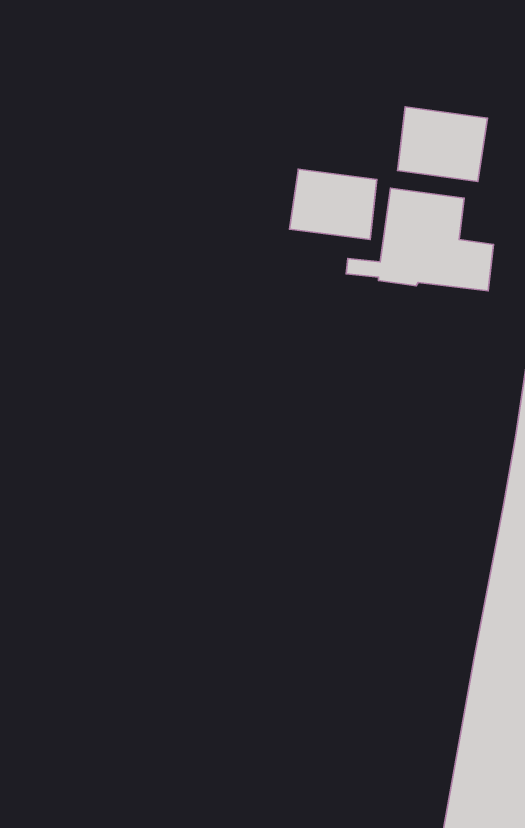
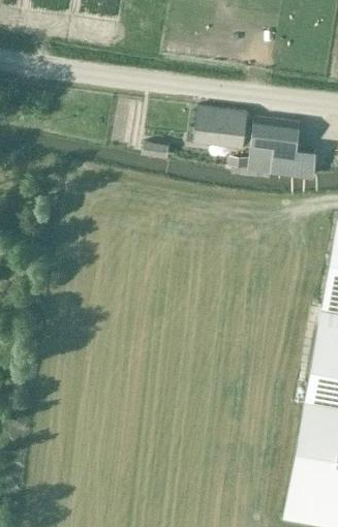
building: [397,107,487,181] -> none

